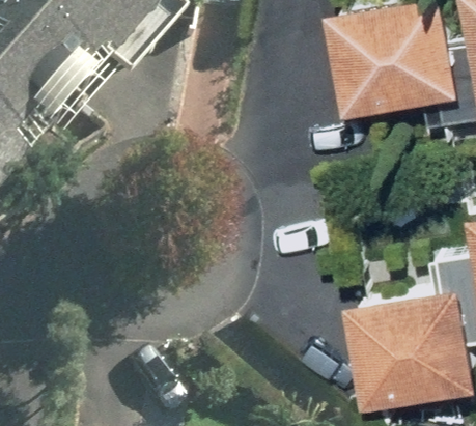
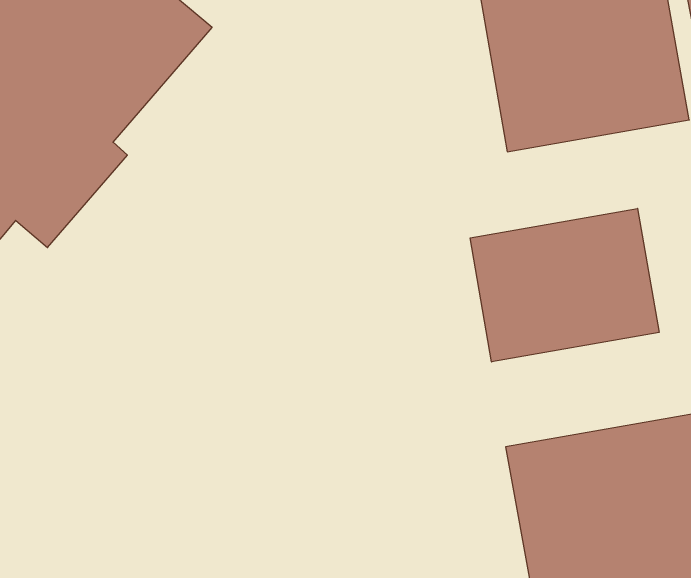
building: none -> [470,208,659,362]

